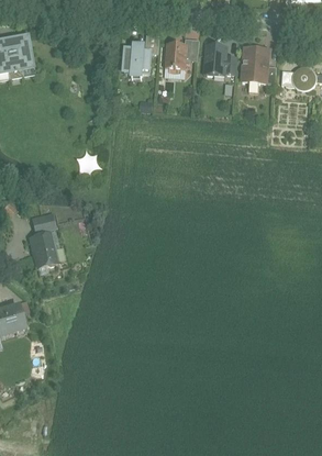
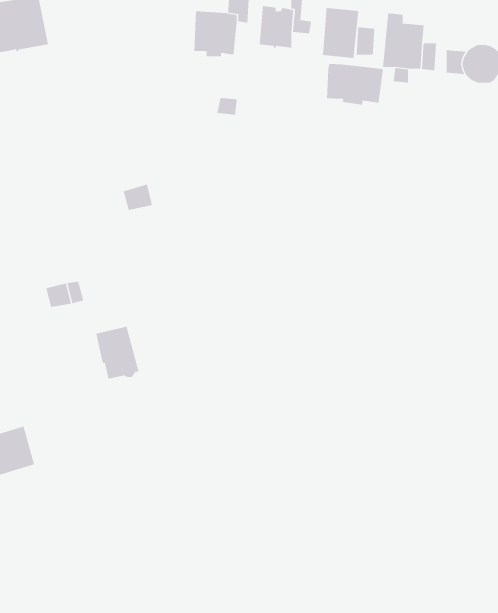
building: none -> [327,63,383,106]
building: [29,232,56,265] -> [95,326,140,379]

